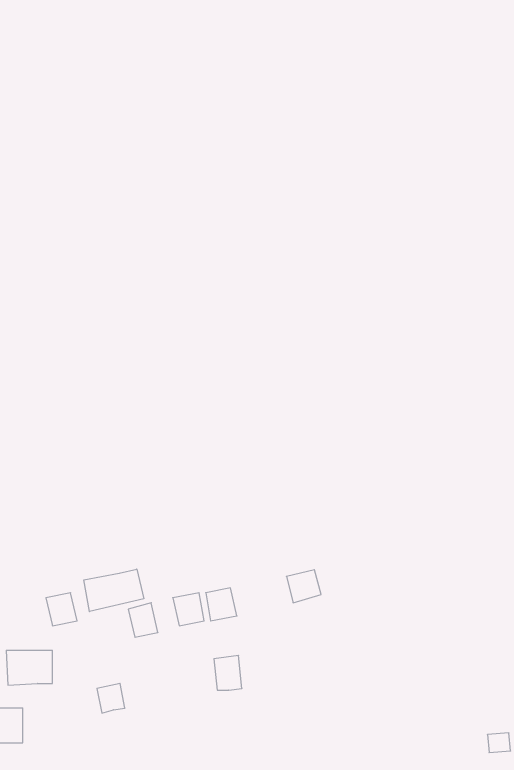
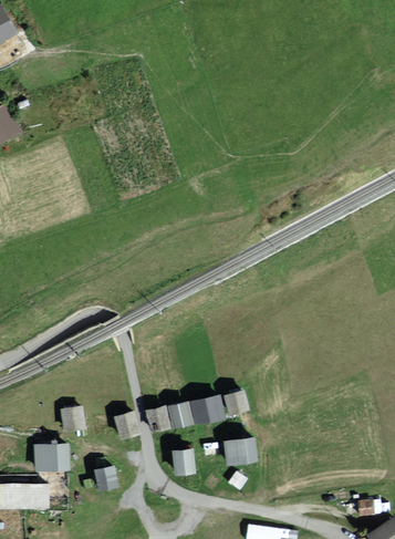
building: [84,569,144,612] -> none
building: none -> [191,396,222,419]
building: none -> [225,438,254,460]

